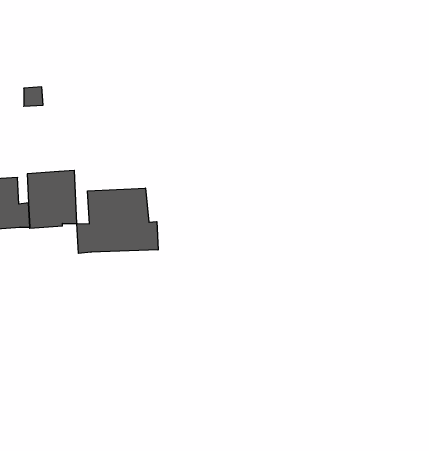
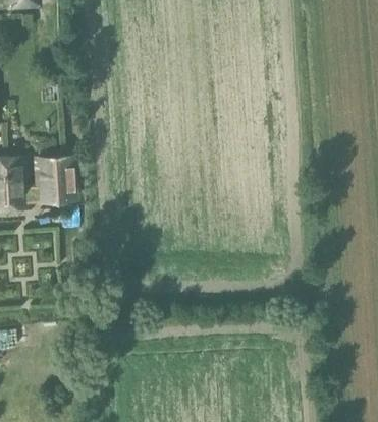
building: [77,188,158,253] -> none

